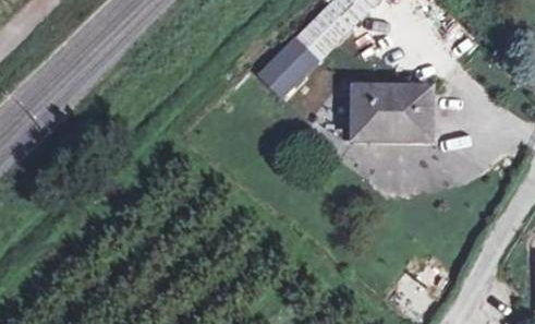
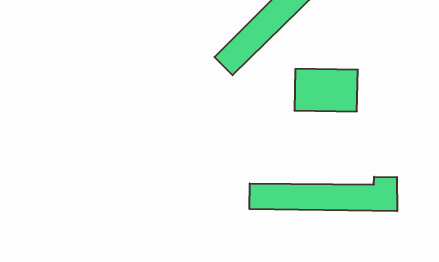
building: none -> [249,177,397,211]

